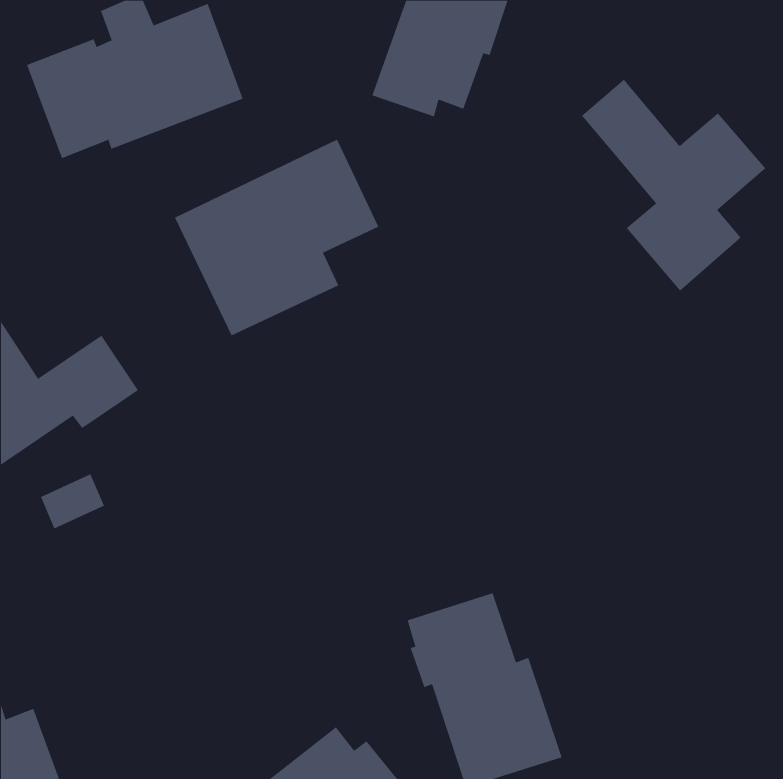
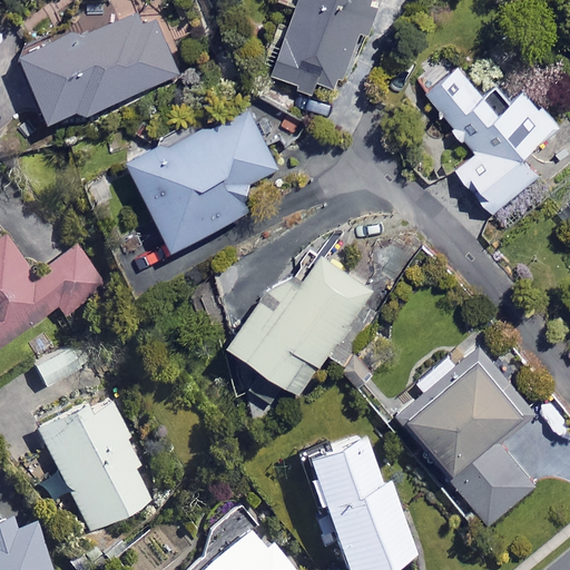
building: none -> [227,254,374,394]
building: none -> [402,352,535,528]
building: none -> [33,395,149,533]

